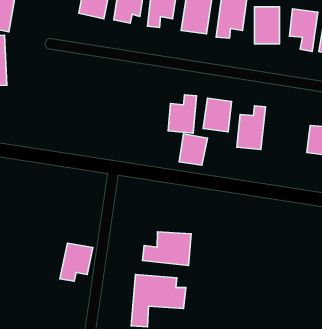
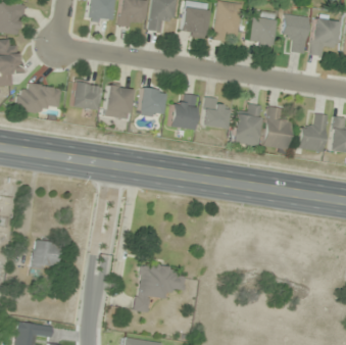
building: none -> [72,82,98,110]
building: none -> [16,84,62,114]
building: none -> [105,86,133,119]
building: none -> [264,107,291,150]
building: [179,134,207,165] -> [139,88,165,117]
building: [142,232,191,265] -> none
building: [60,243,93,281] -> [31,239,61,275]

